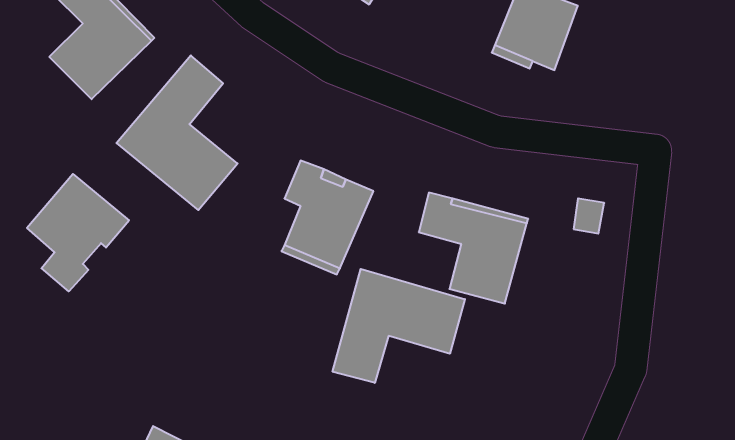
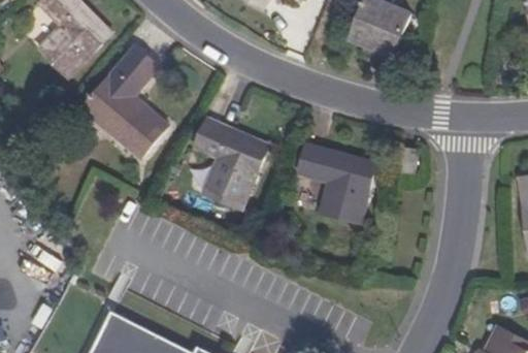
building: [27,174,129,291] -> none
building: [333,269,465,383] -> none

